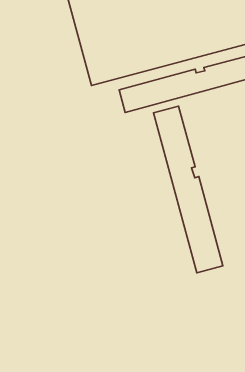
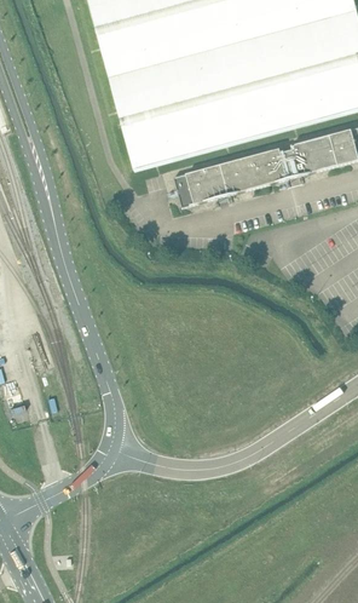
building: [153,106,223,273] -> none

